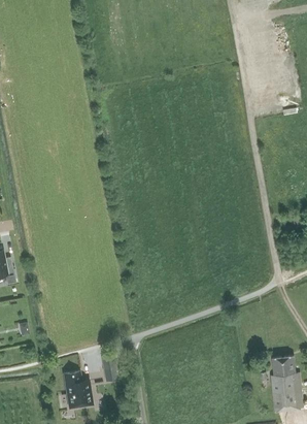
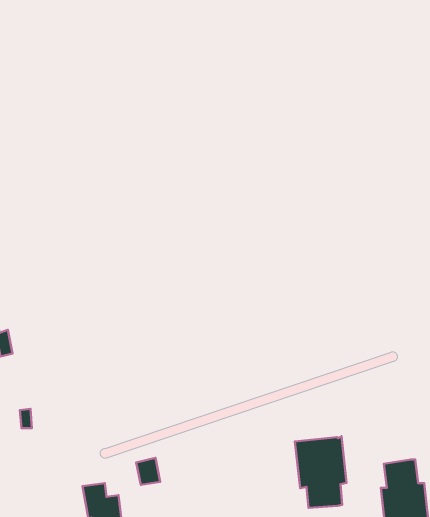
building: none -> [295,436,347,508]

